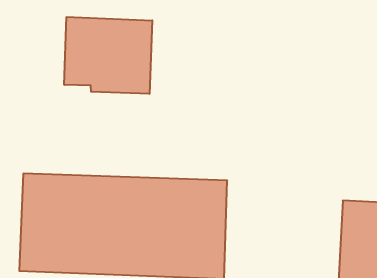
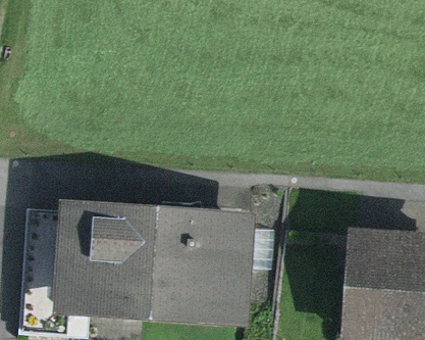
building: [64,17,152,94] -> none

